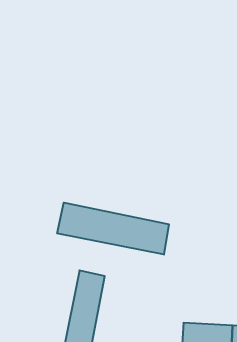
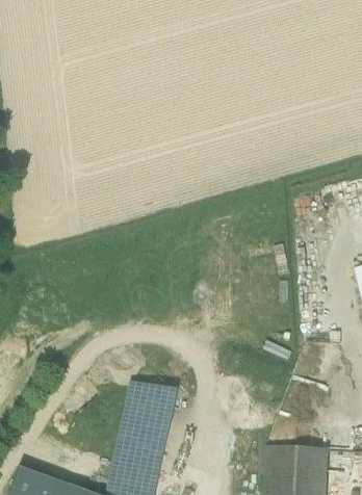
building: [57,203,169,255] -> none

